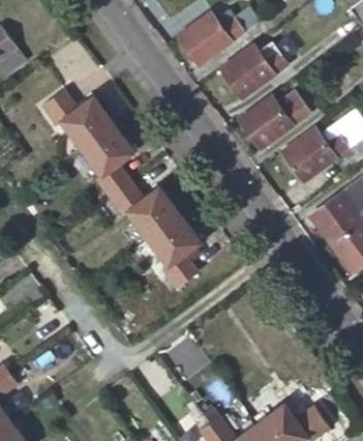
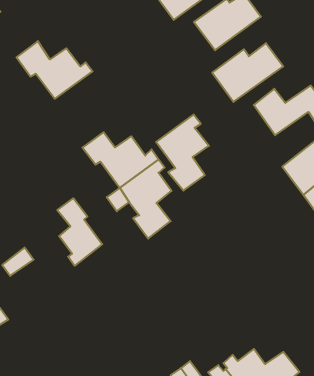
building: [81,119,134,197] -> [156,115,209,191]
building: none -> [57,198,102,266]

